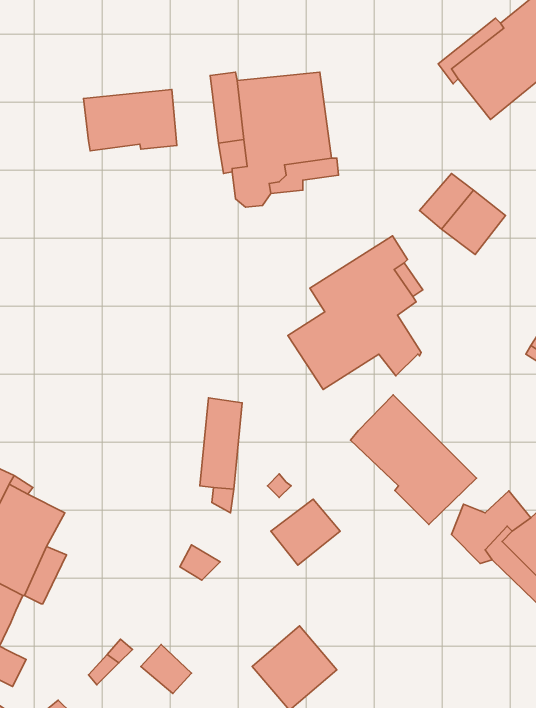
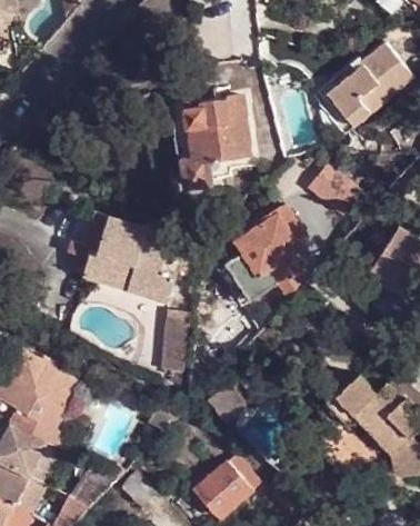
building: [84,90,177,151] -> none
building: none -> [81,214,190,304]
building: [351,395,476,524] -> none

